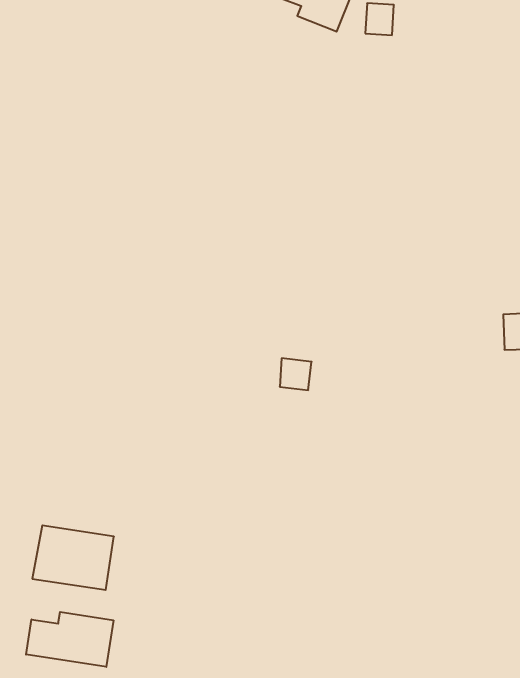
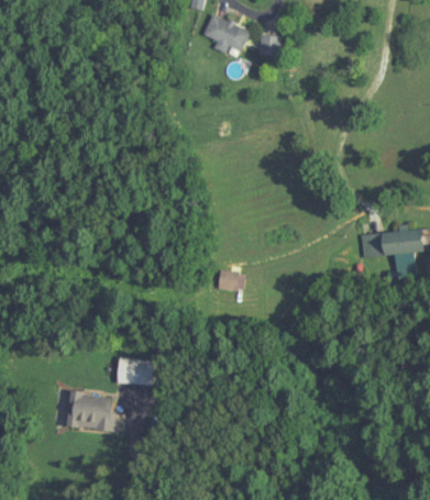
building: none -> [118,357,148,382]
building: [26,612,113,667] -> none

